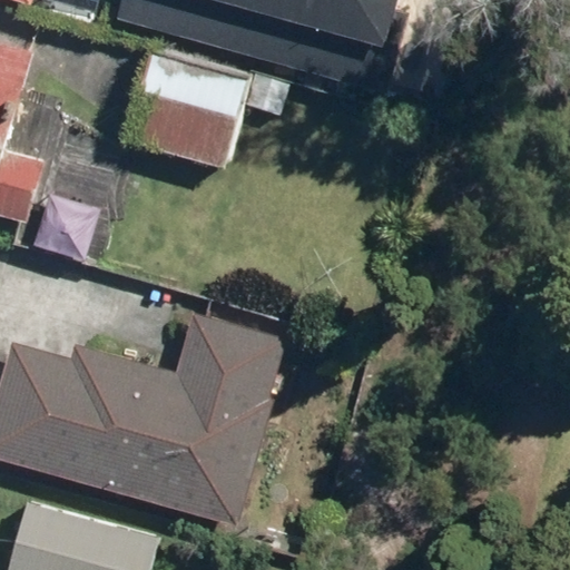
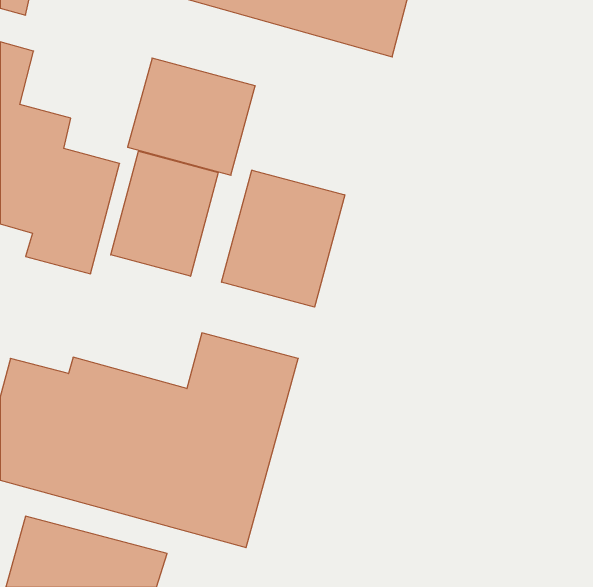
building: none -> [111,151,218,276]
building: none -> [222,170,345,307]

